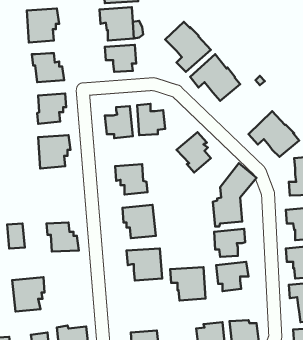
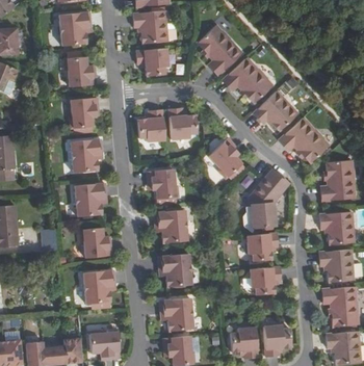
building: none -> [255,90,300,131]
building: none -> [75,182,106,216]
building: [170,267,206,300] -> [160,296,196,330]
building: [12,277,45,311] -> [82,268,114,303]

